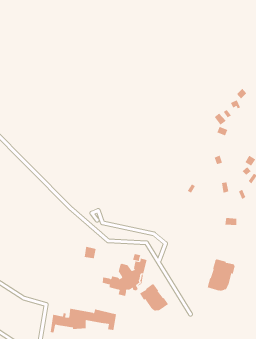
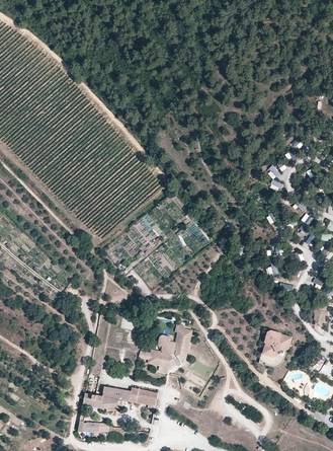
building: [140,284,169,311] -> none

